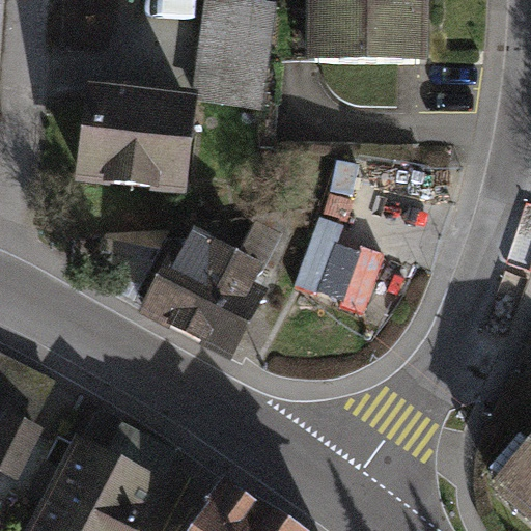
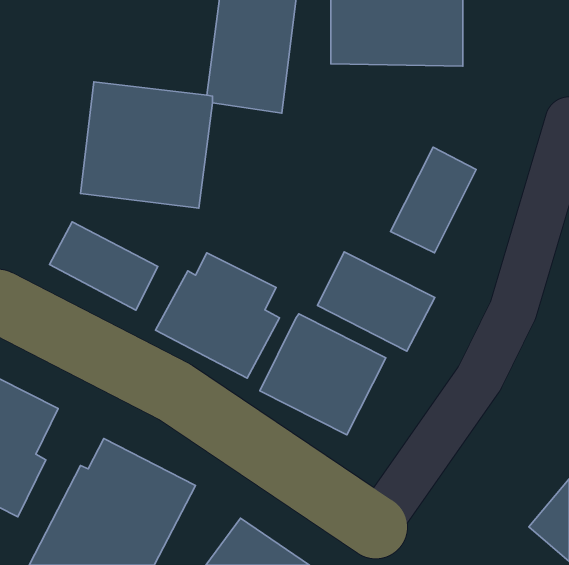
building: none -> [391,147,476,253]
building: none -> [49,222,158,310]
building: none -> [260,314,386,435]

